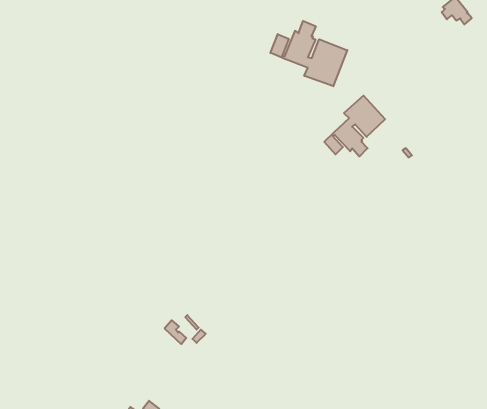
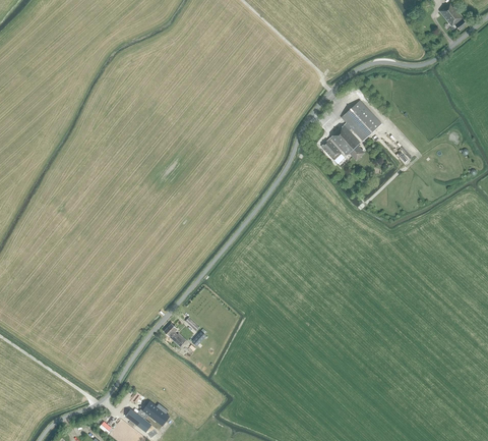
building: [270,21,347,86] -> none

